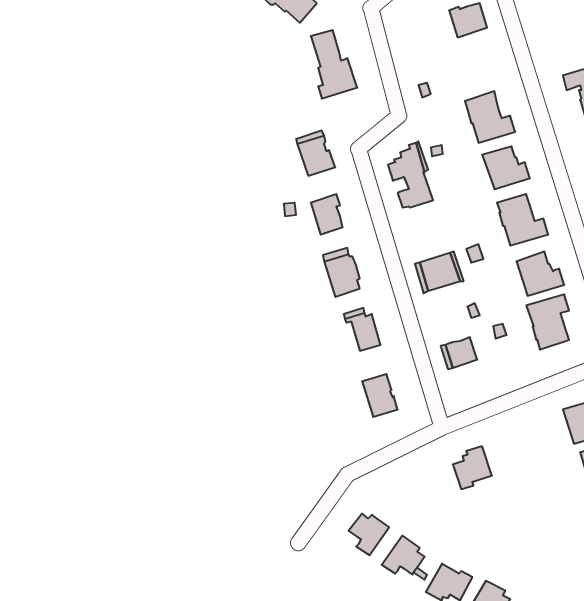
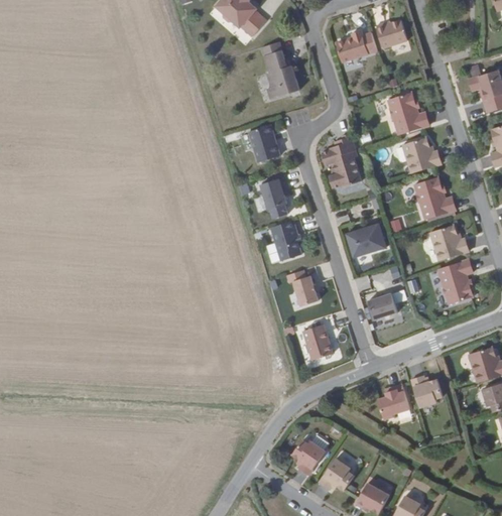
building: none -> [337,29,377,61]
building: none -> [411,375,444,407]

